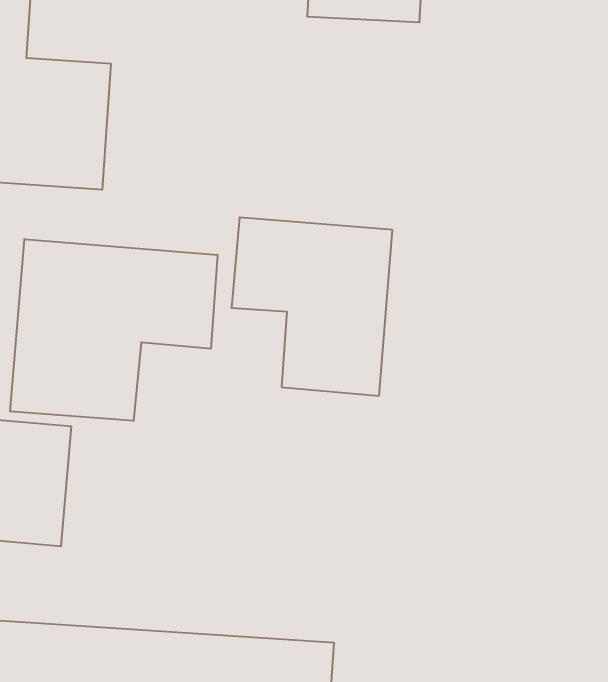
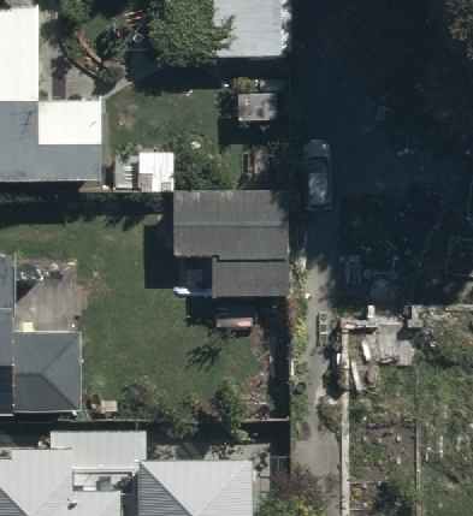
building: [10,239,217,421] -> none

